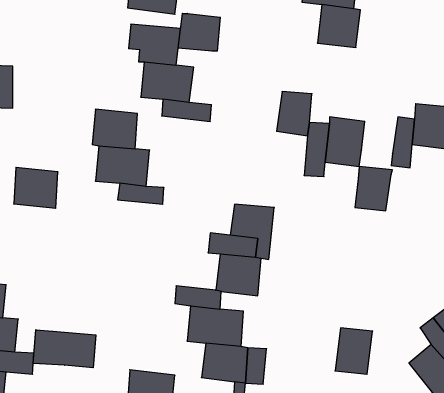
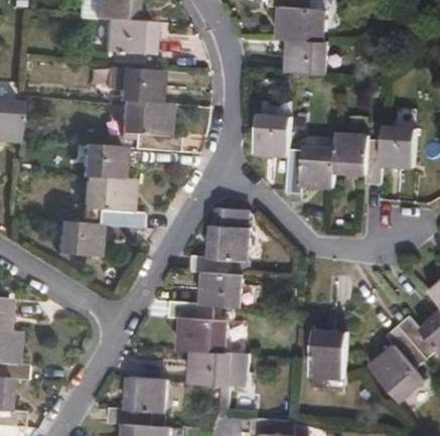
building: [178,13,220,51] -> none
building: [355,167,392,211] -> [331,136,365,176]
building: [14,167,58,208] -> [61,214,102,252]
building: [33,330,96,368] -> none

